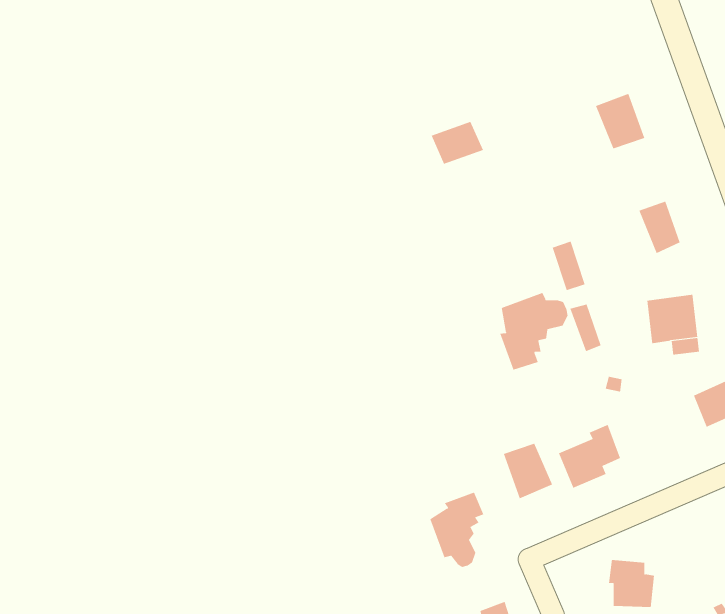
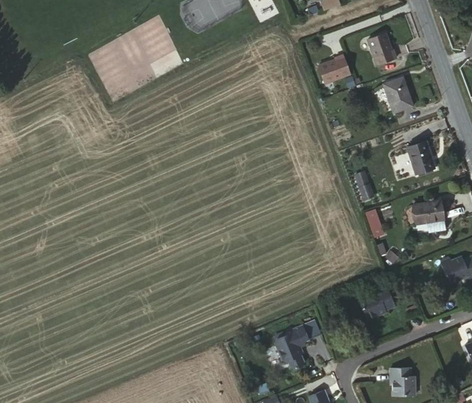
building: none -> [368,34,395,66]
building: [431,121,484,165] -> [318,56,351,83]
building: [499,292,568,370] -> none
building: [503,443,553,499] -> none

